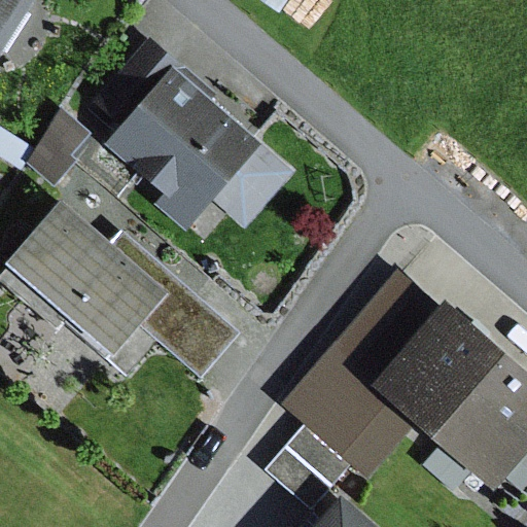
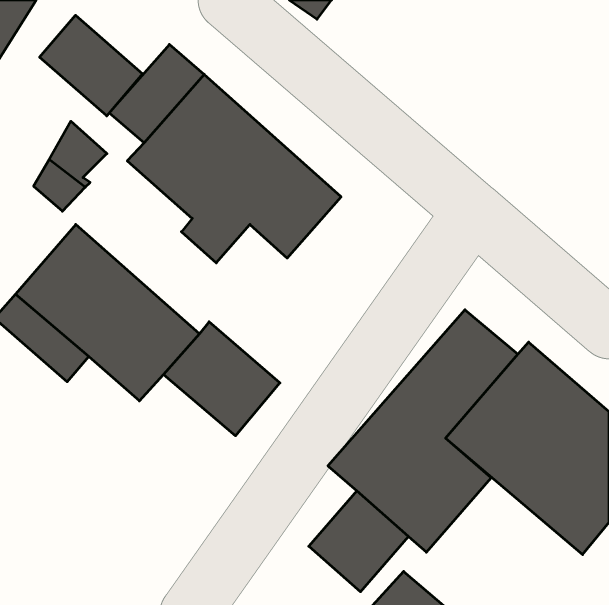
building: none -> [40,15,143,116]

